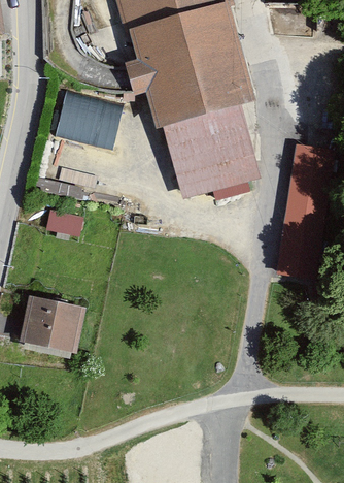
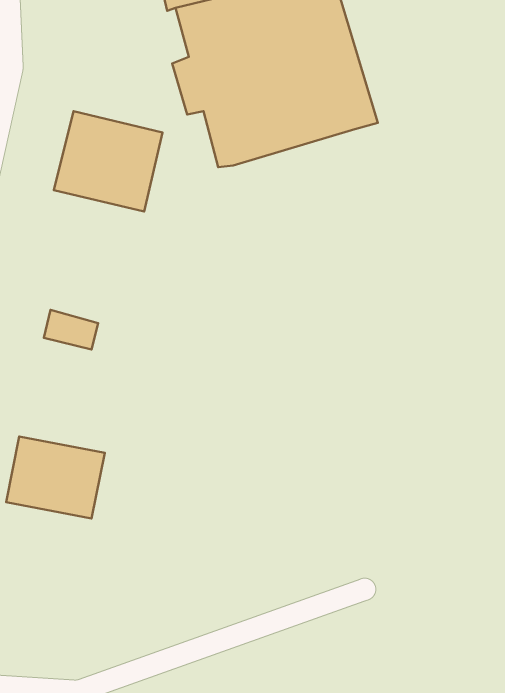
building: [165,104,261,198] -> none
building: [282,153,329,244] -> none

